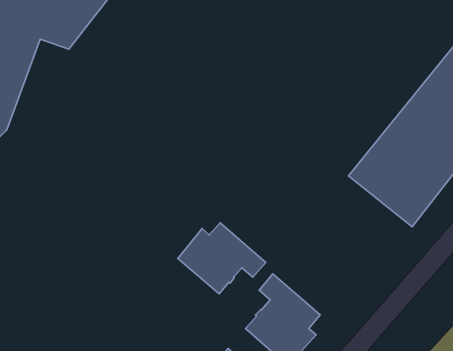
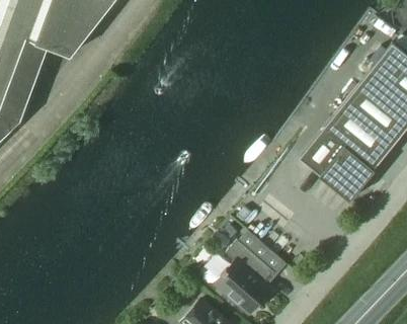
building: [178,223,266,294] -> none

